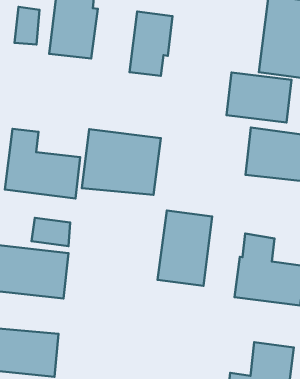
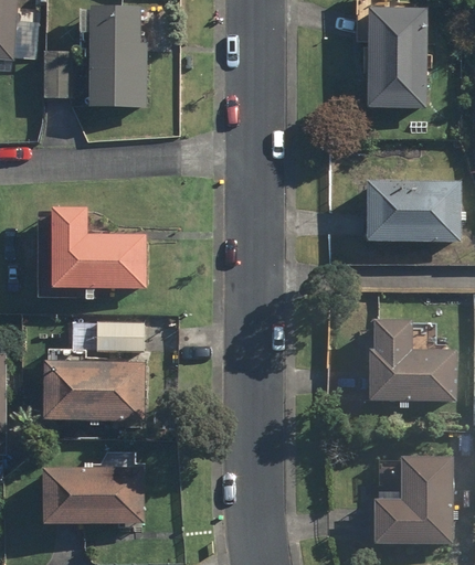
building: [129,11,173,76] -> none
building: [227,72,292,122] -> none
building: [82,129,161,195] -> none
building: [157,211,212,286] -> none

